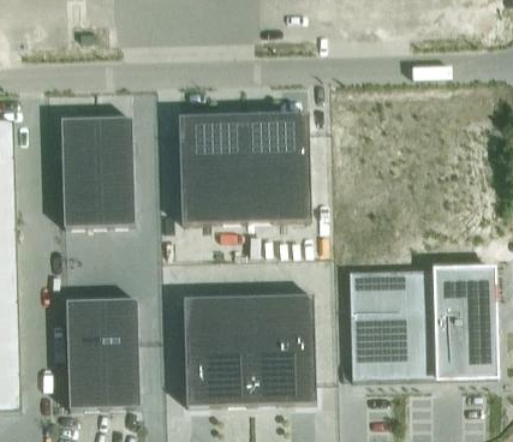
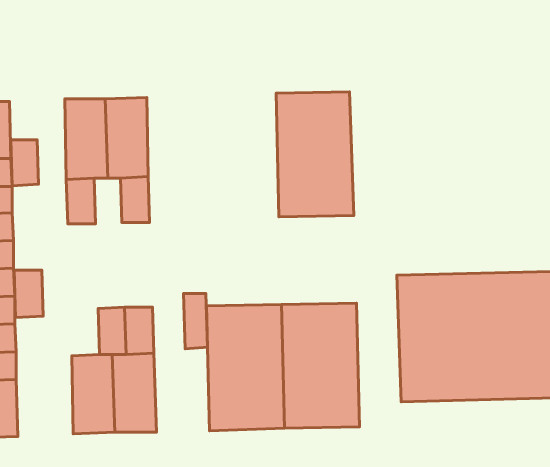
building: [179,115,246,225] -> none
building: [87,189,111,228] -> [11,140,38,186]
building: none -> [184,294,207,349]
building: [66,301,91,342] -> [14,270,43,317]

